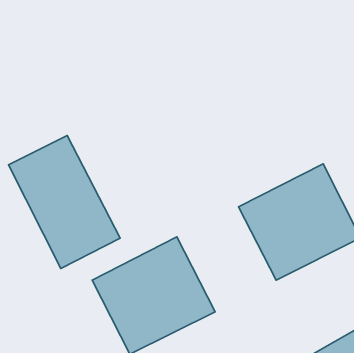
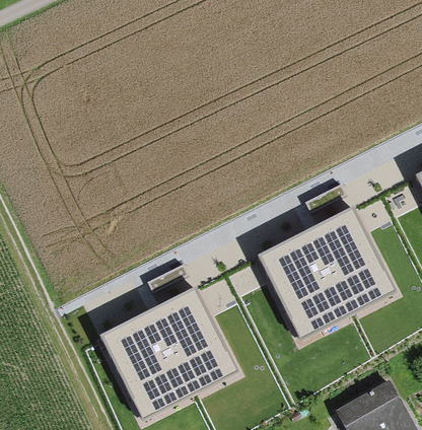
building: [8,135,120,268] -> none

